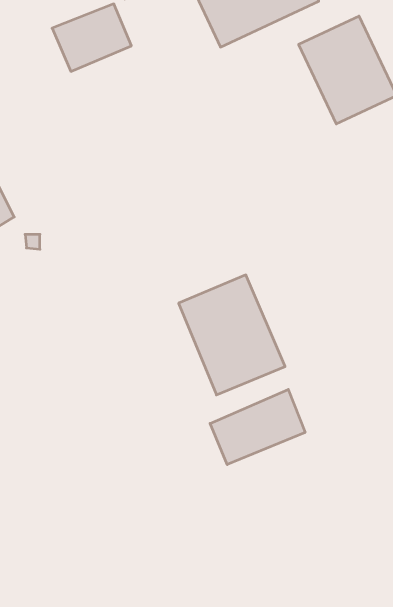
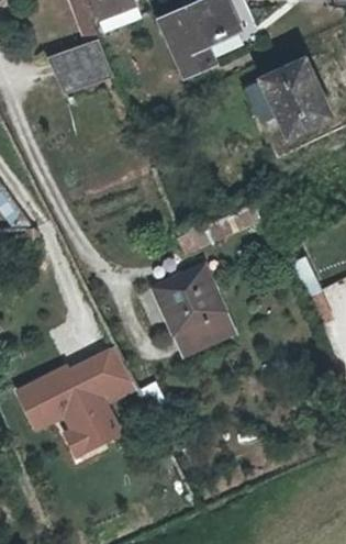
building: none -> [13,342,136,456]
building: [210,389,305,465] -> none

